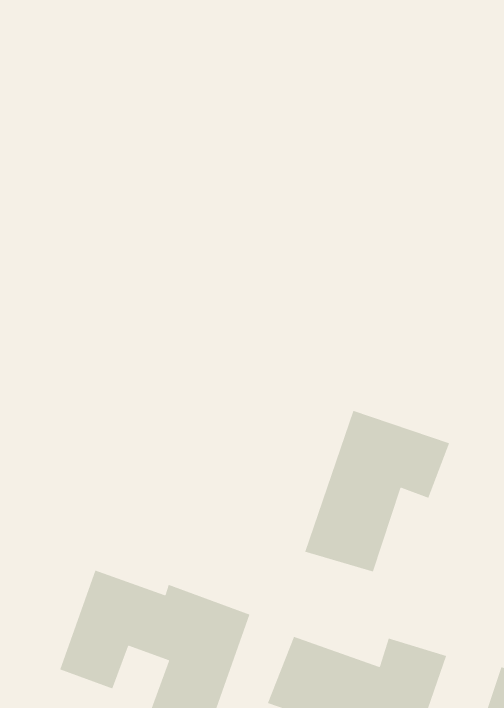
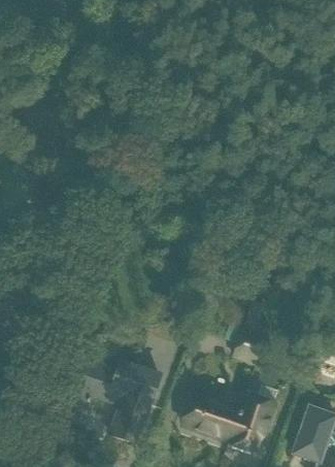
building: [304,410,450,572] -> none

